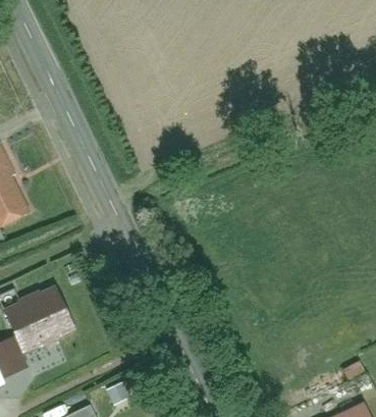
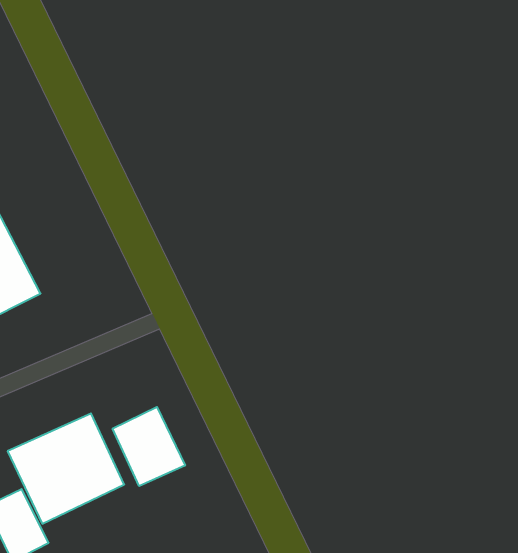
building: none -> [113,407,185,486]

